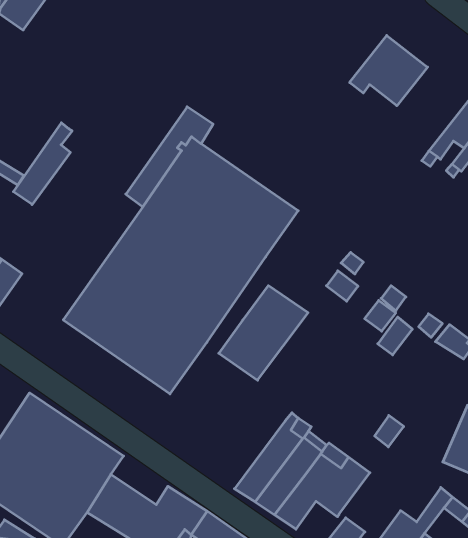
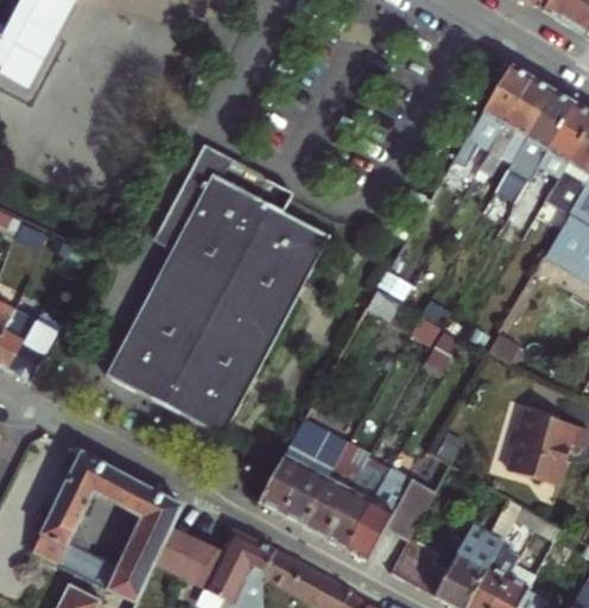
building: [350,35,428,106] -> none
building: [13,123,72,205] -> none
building: [219,286,308,380] -> [256,428,342,525]

